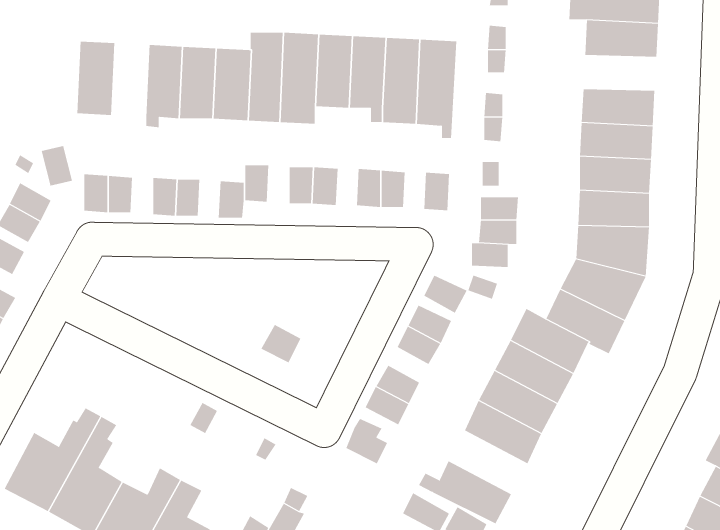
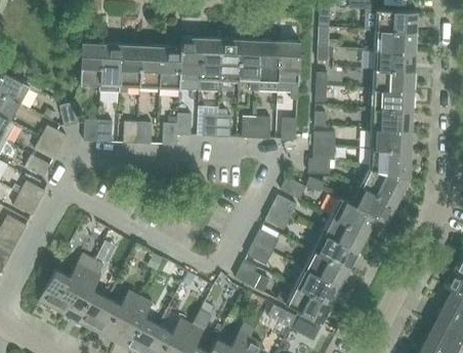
building: none -> [100,43,122,91]
building: none -> [373,50,416,71]
building: none -> [295,268,341,305]

